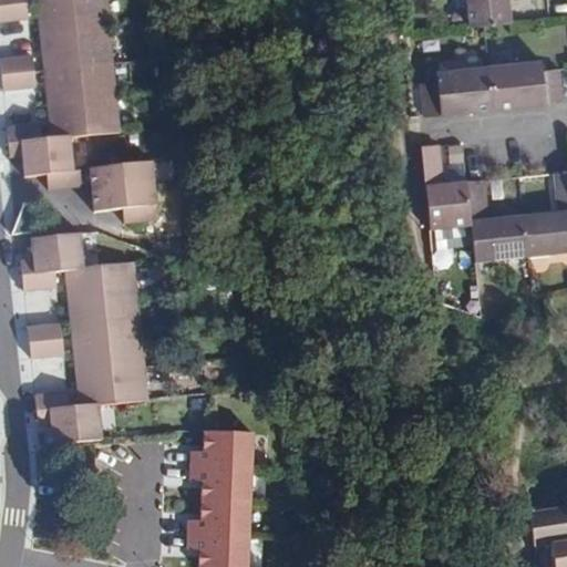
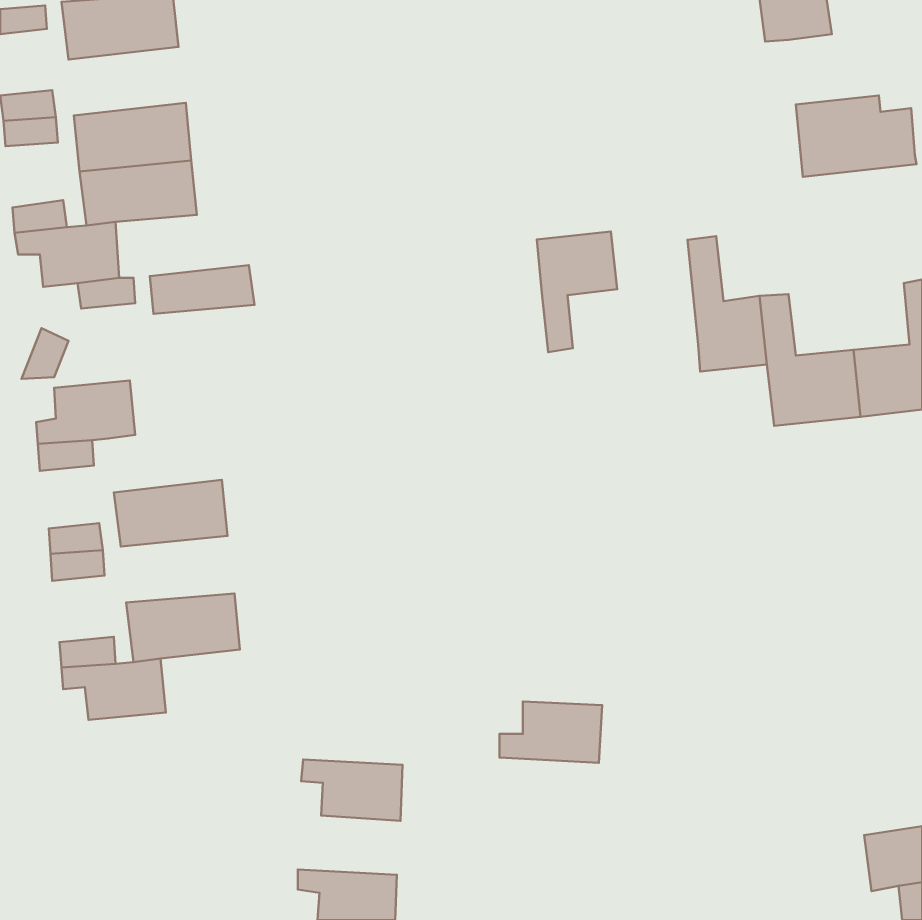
building: [42,29,114,71] -> none
building: [421,64,493,115] -> none
building: none -> [537,231,617,352]
building: [94,187,159,224] -> none
building: [66,261,136,302] -> none
building: [74,329,144,370] -> none
building: [186,432,249,470] -> [499,701,602,763]
building: [183,501,246,537] -> none

